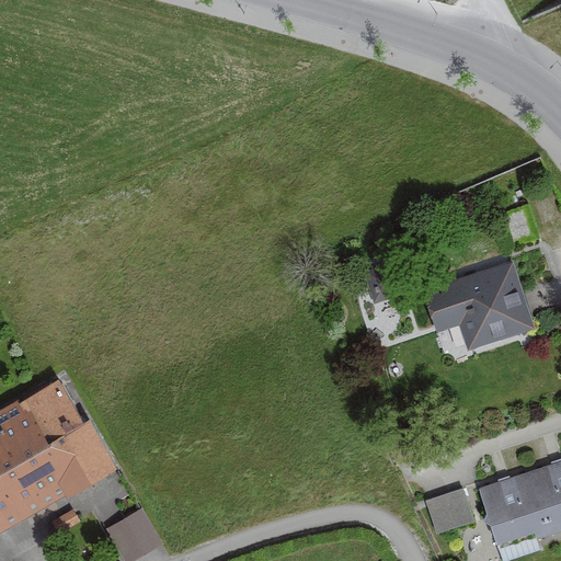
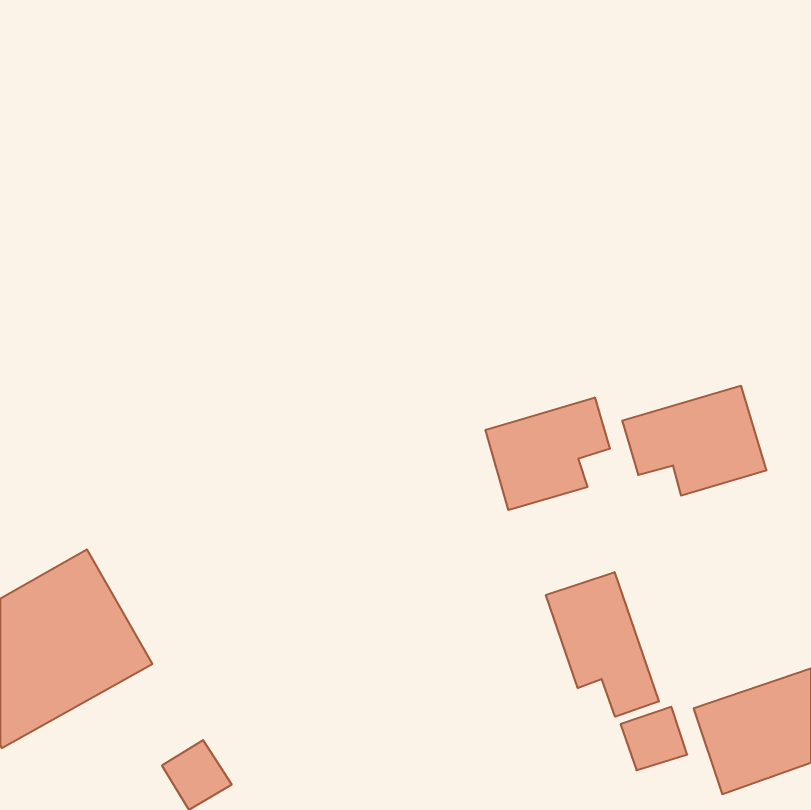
building: none -> [486,397,610,510]
building: none -> [546,572,659,717]

